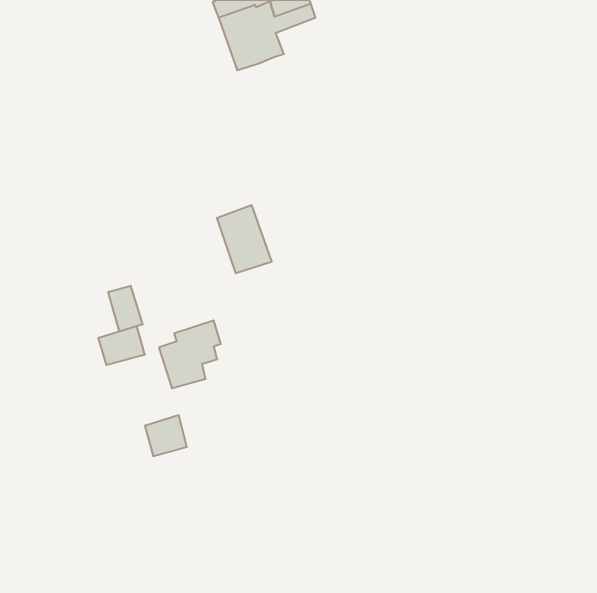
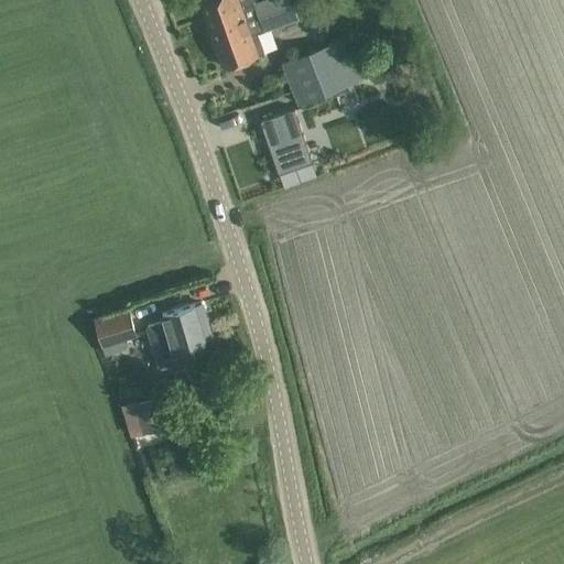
building: none -> [283,41,364,107]
building: [217,205,272,273] -> [261,111,313,175]
building: [108,286,143,331] -> none

